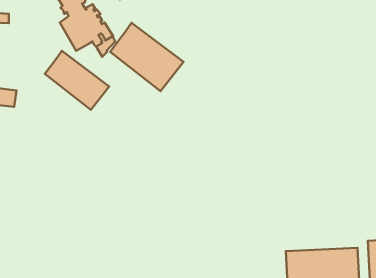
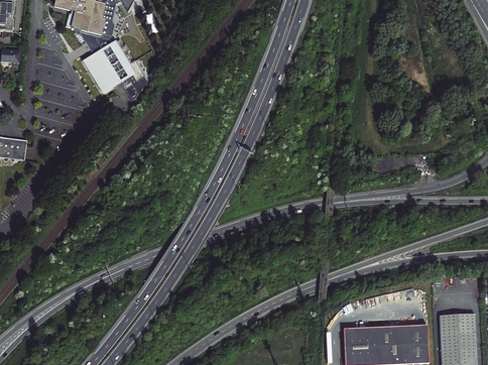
building: [110,23,184,91] -> none
building: [45,51,109,110] -> none

